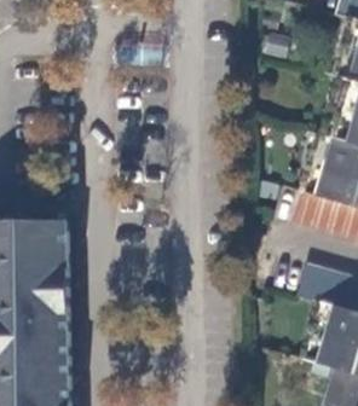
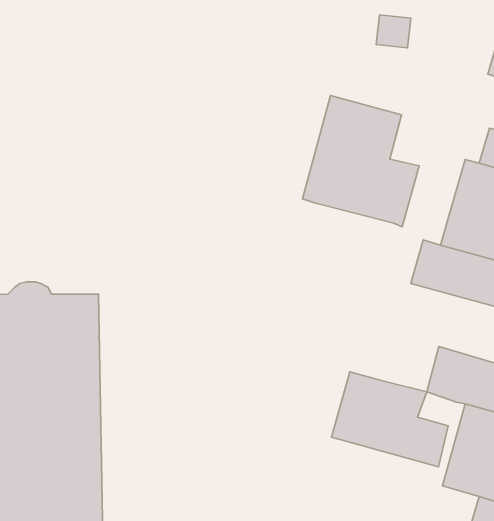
building: none -> [303,95,419,227]
building: none -> [332,372,448,467]

